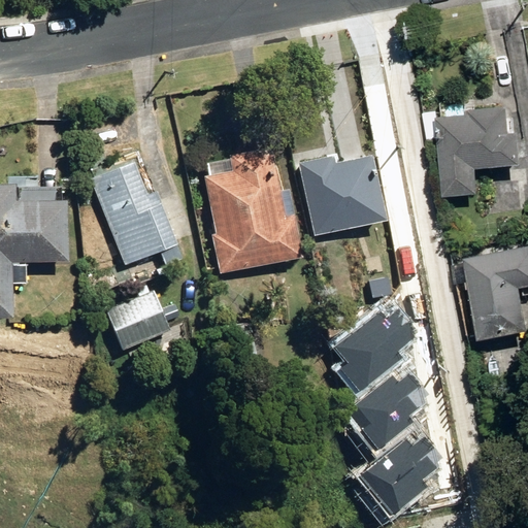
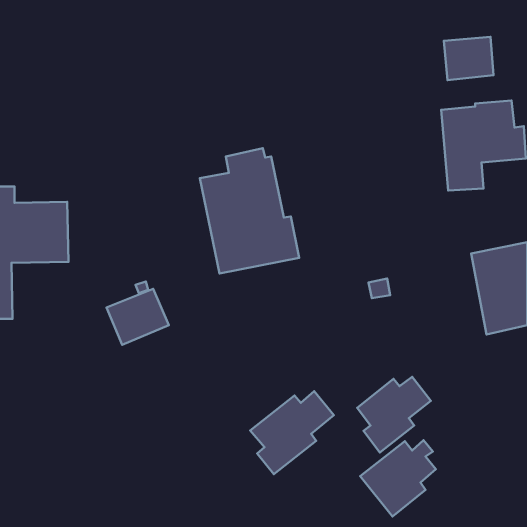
building: none -> [444,37,493,80]
building: [89,156,180,261] -> none
building: [297,156,387,236] -> none
building: [333,310,417,393] -> [250,391,334,474]

